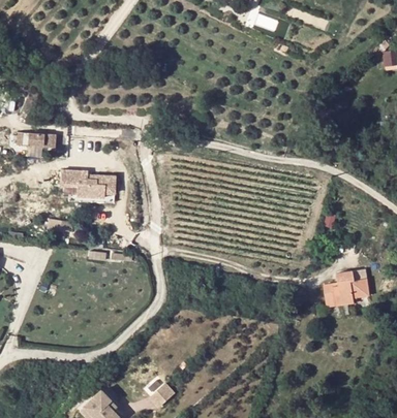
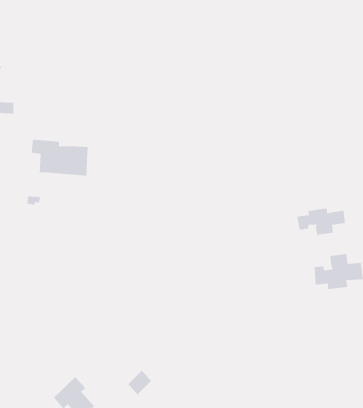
building: none -> [296,207,346,235]

